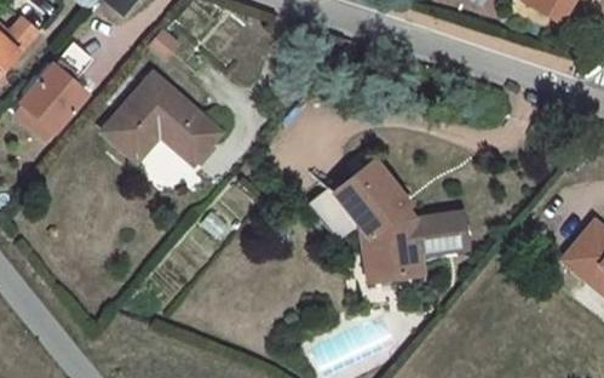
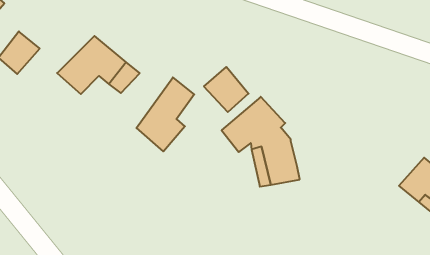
building: none -> [204,67,249,112]
building: none -> [136,77,194,151]
building: [415,208,462,251] -> none

